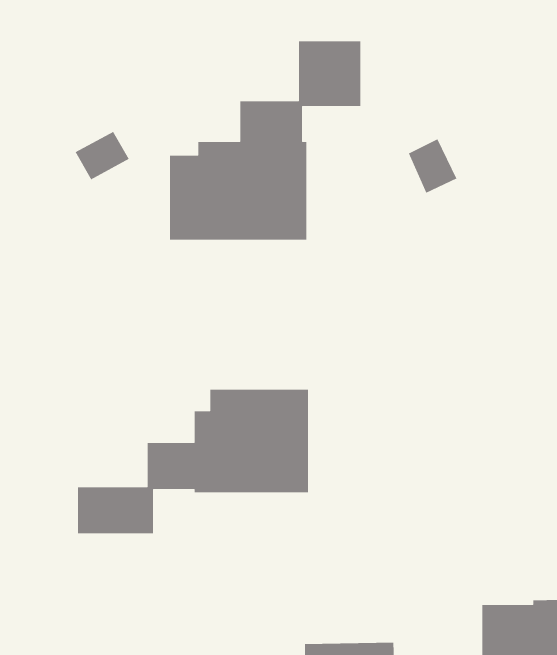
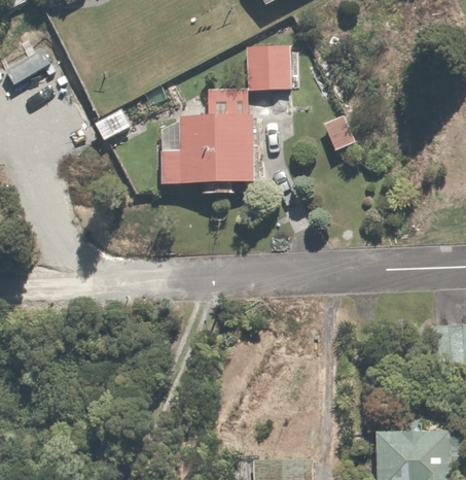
building: [77,389,309,534] -> none

